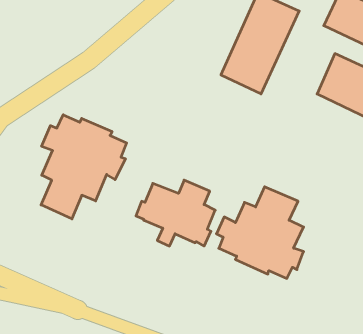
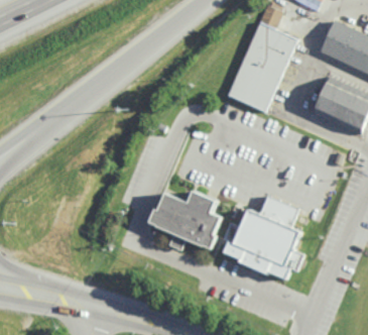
building: [41,115,127,219] -> none

